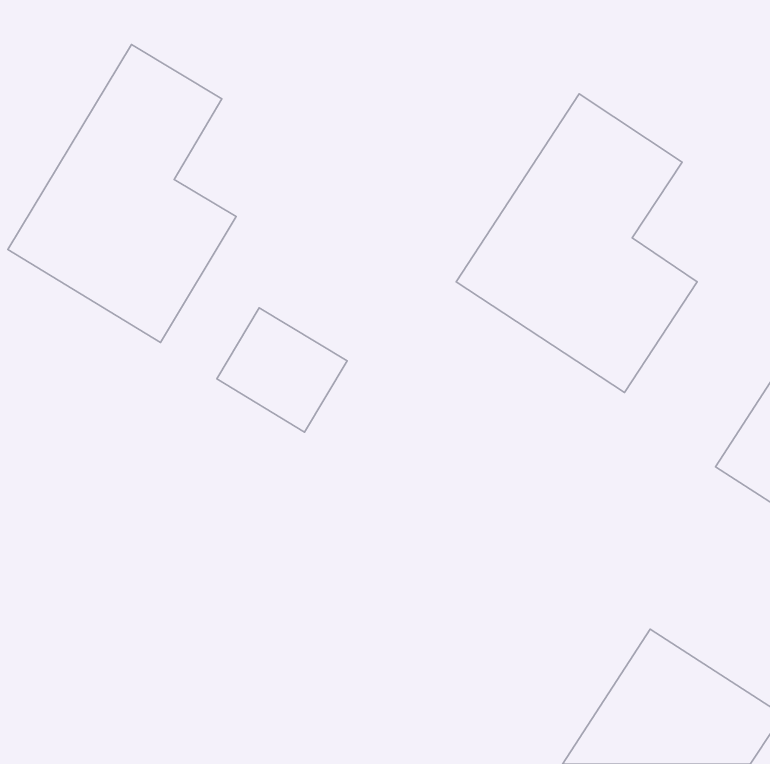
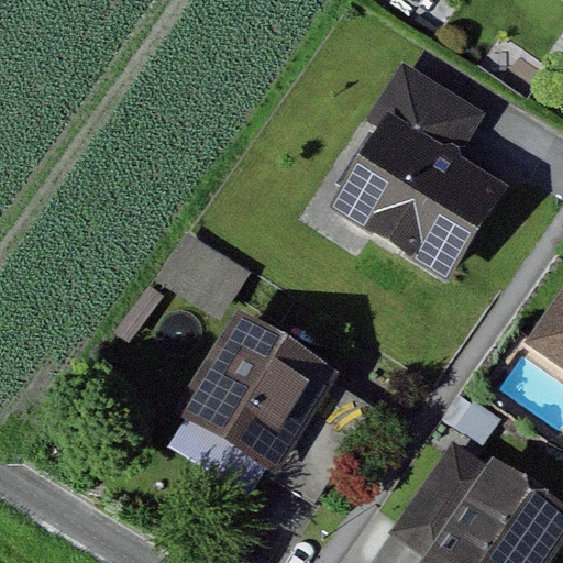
building: [8,44,236,343] -> none
building: none -> [163,314,324,475]

